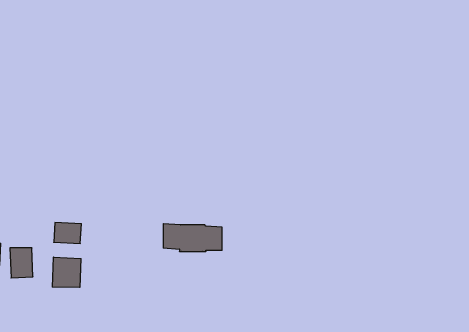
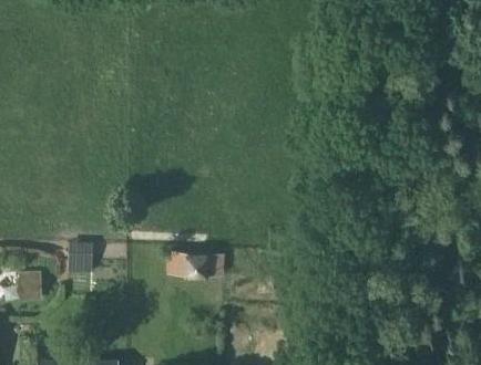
building: [52,257,81,287] -> none

